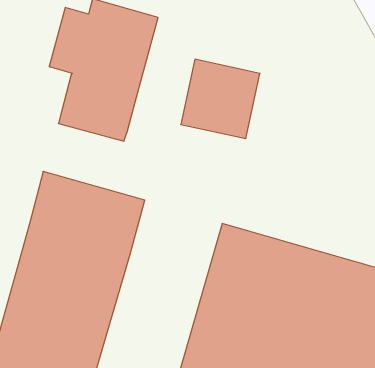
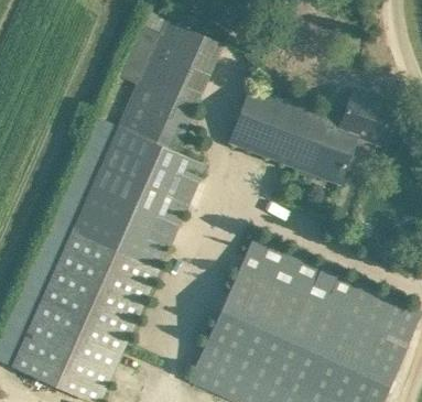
building: none -> [283,93,392,187]
building: none -> [98,128,204,208]

